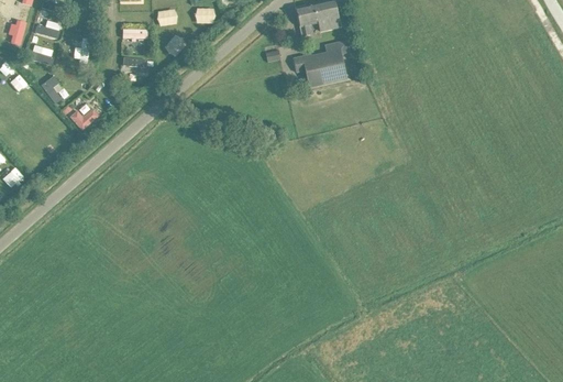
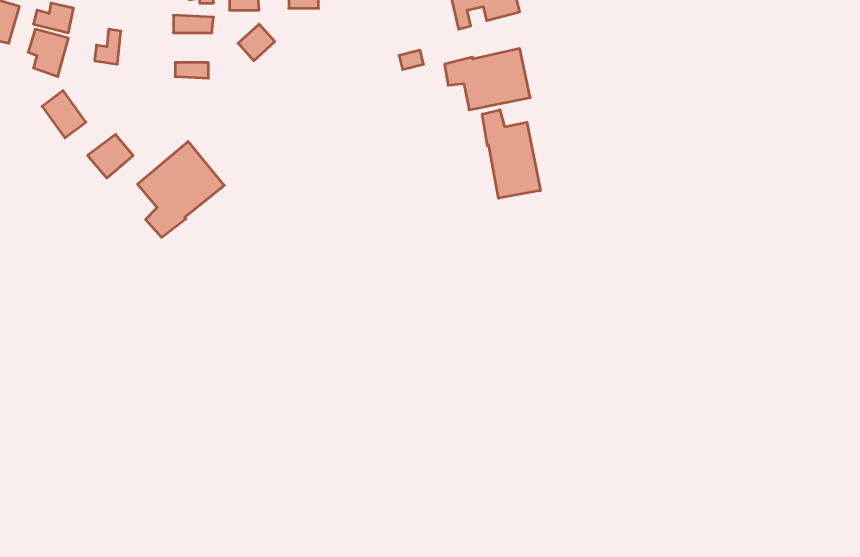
building: none -> [482,110,540,198]
building: none -> [138,141,224,237]

